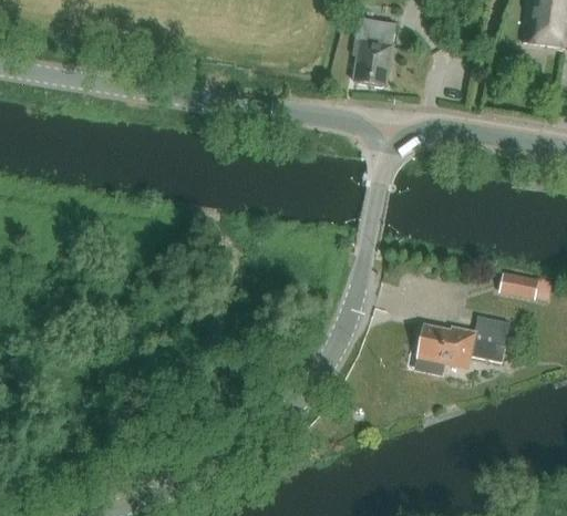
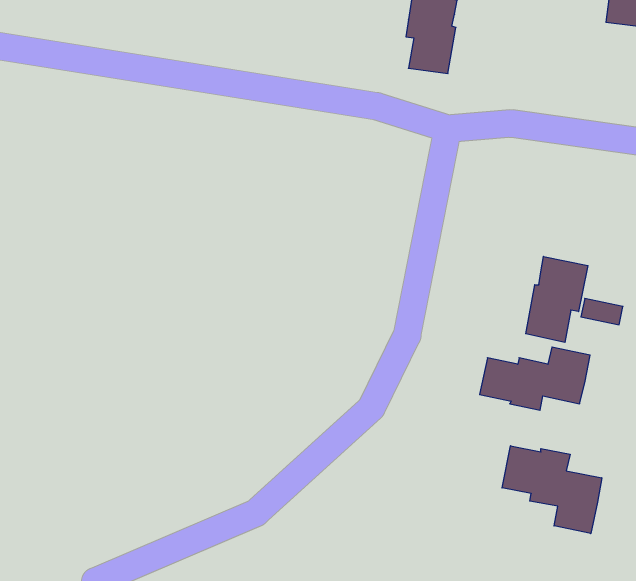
building: none -> [526,256,588,342]
building: none -> [502,446,602,534]

